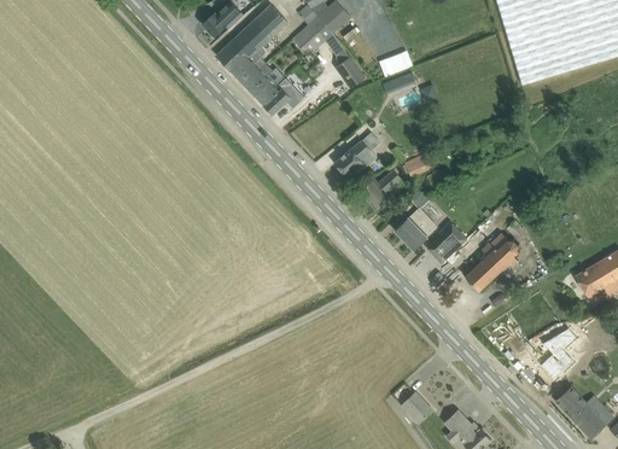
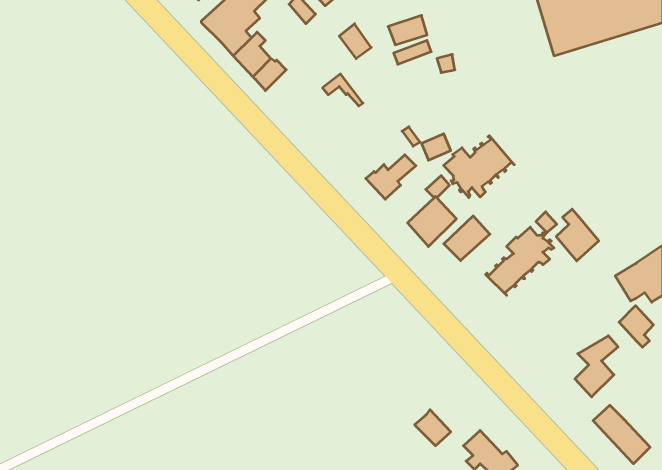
building: [334,133,380,176] -> none
building: none -> [444,136,514,198]
building: none -> [556,209,599,261]
building: none -> [619,306,653,347]

